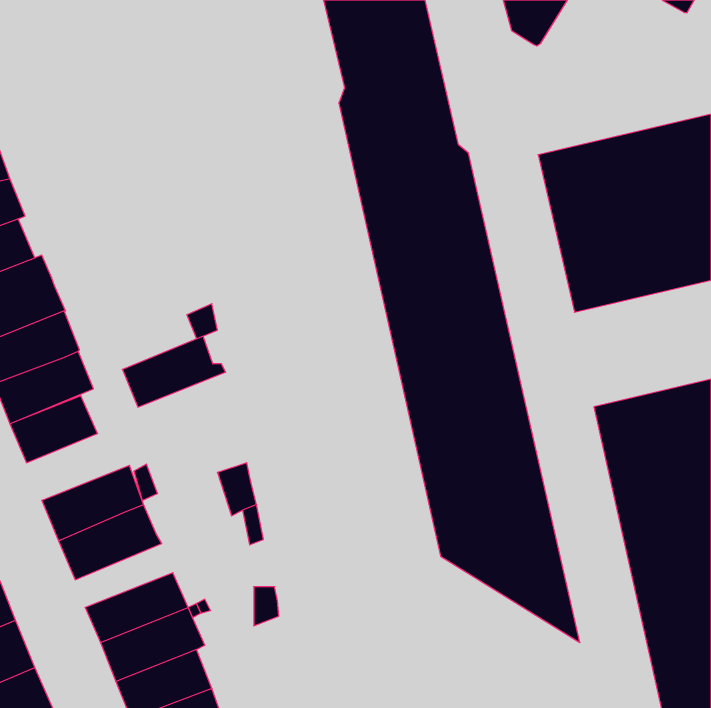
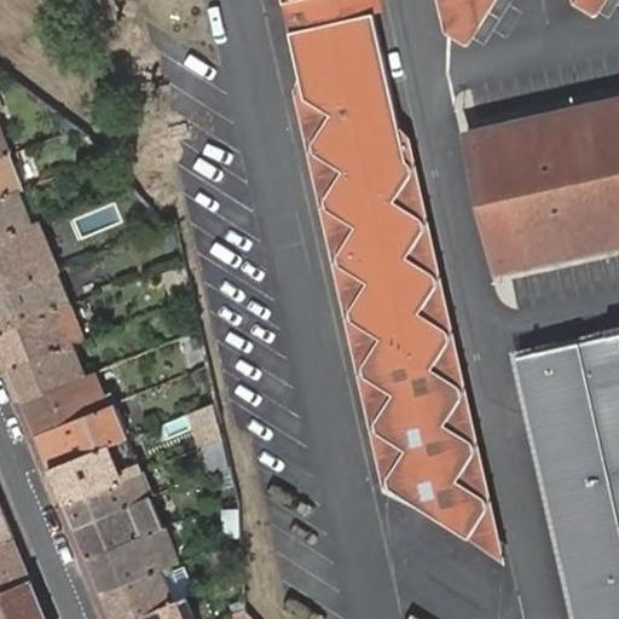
building: [122,336,226,407] -> [23,376,112,438]
building: none -> [65,475,150,531]

